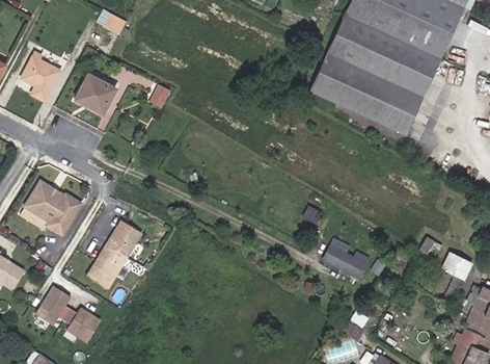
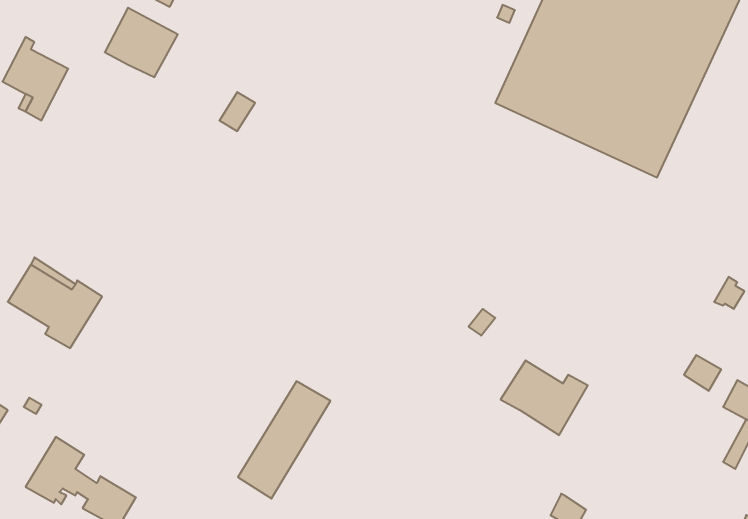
building: [74,74,116,114] -> [105,8,178,77]
building: [87,220,141,289] -> [238,381,330,499]

